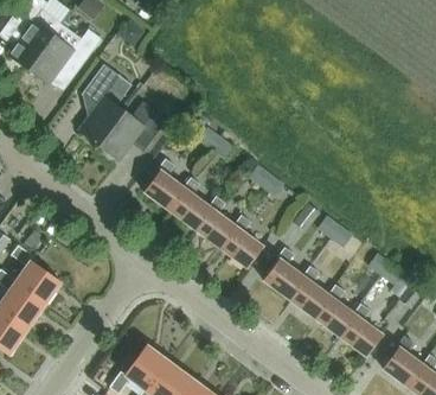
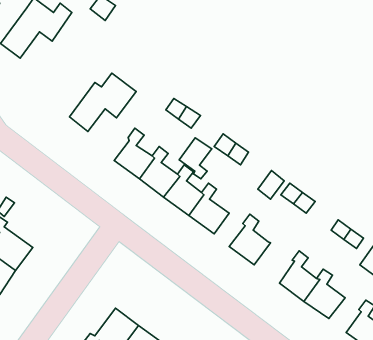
building: [78,64,132,146] -> none
building: none -> [179,138,212,179]
building: [289,266,331,318] -> none

